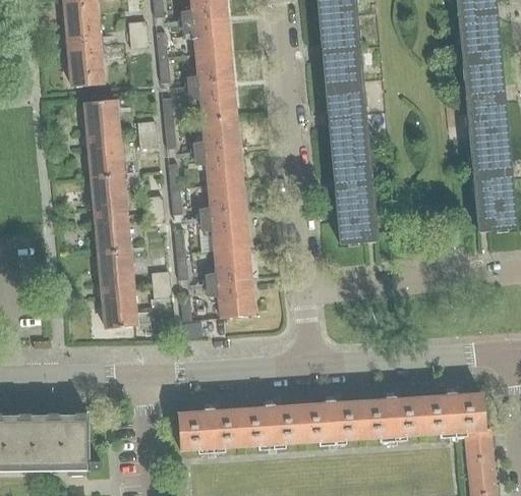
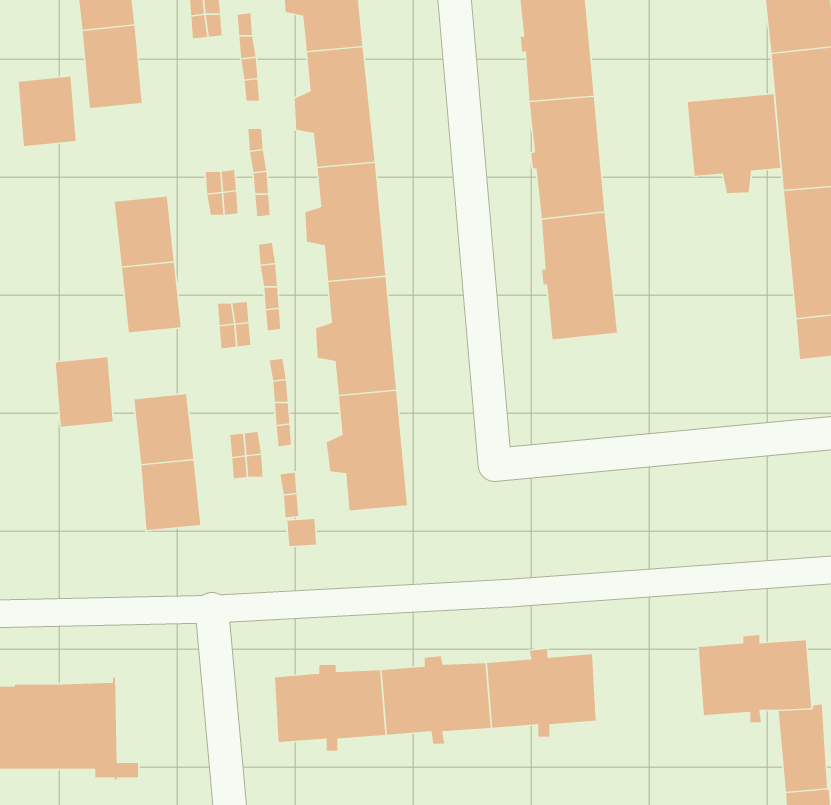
building: none -> [687,94,781,194]
building: [84,100,118,141] -> [18,76,77,147]
building: [96,213,129,254] -> [55,356,114,428]
building: [338,216,378,242] -> none
building: [361,392,424,443] -> none

